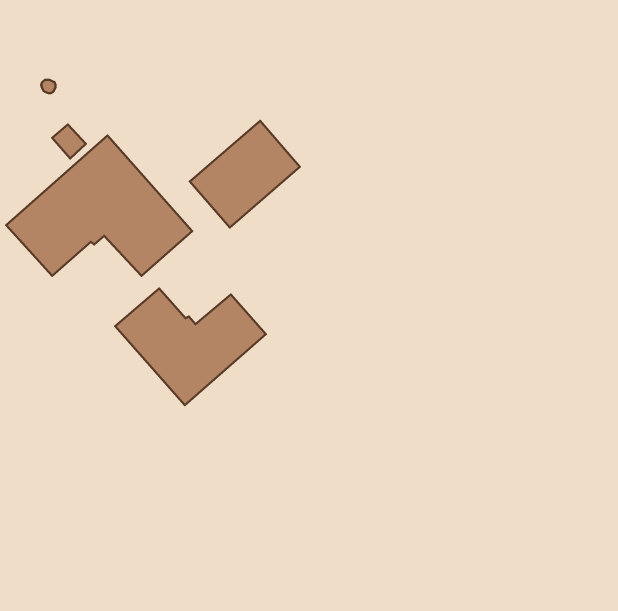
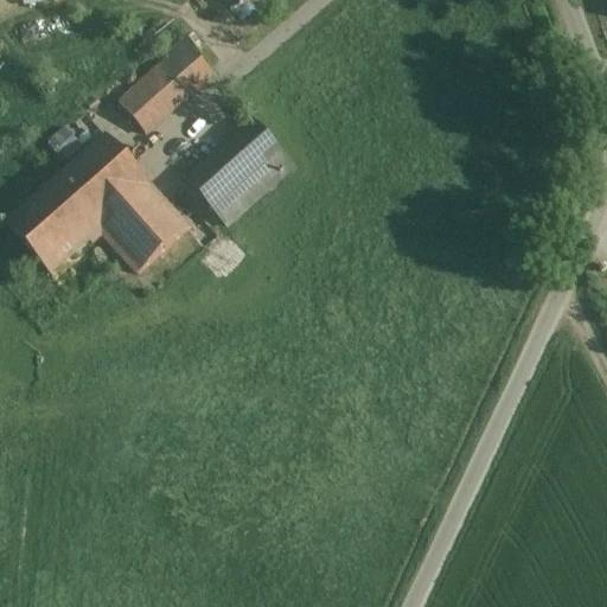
building: none -> [119,40,212,130]
building: [115,288,266,405] -> none

